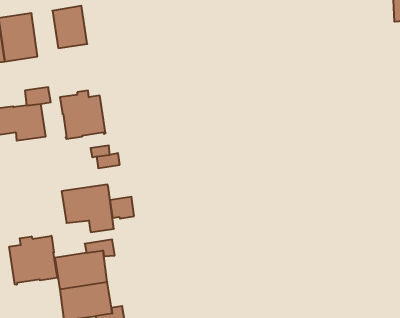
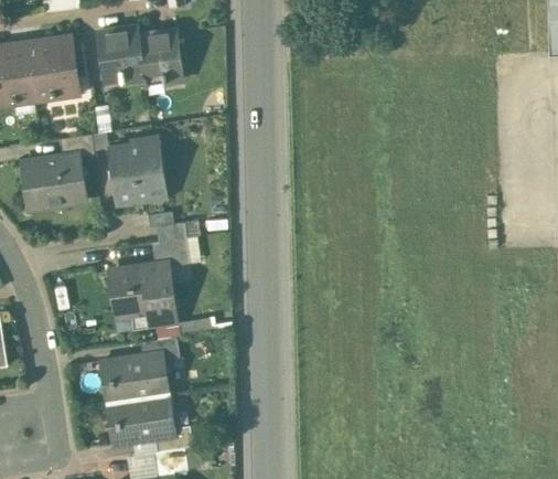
building: none -> [135,26,182,85]
building: [110,197,134,219] -> [157,237,189,266]
building: [9,236,58,285] -> none

